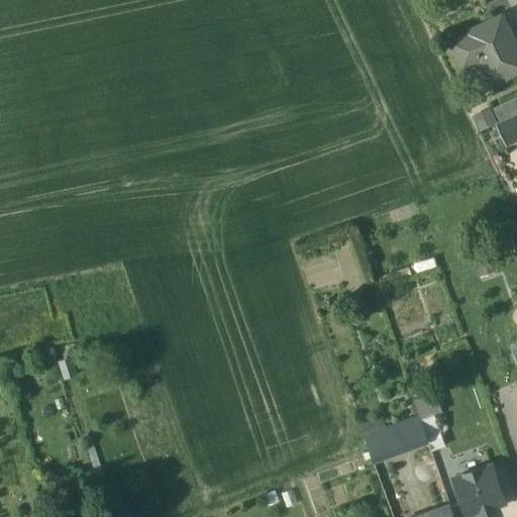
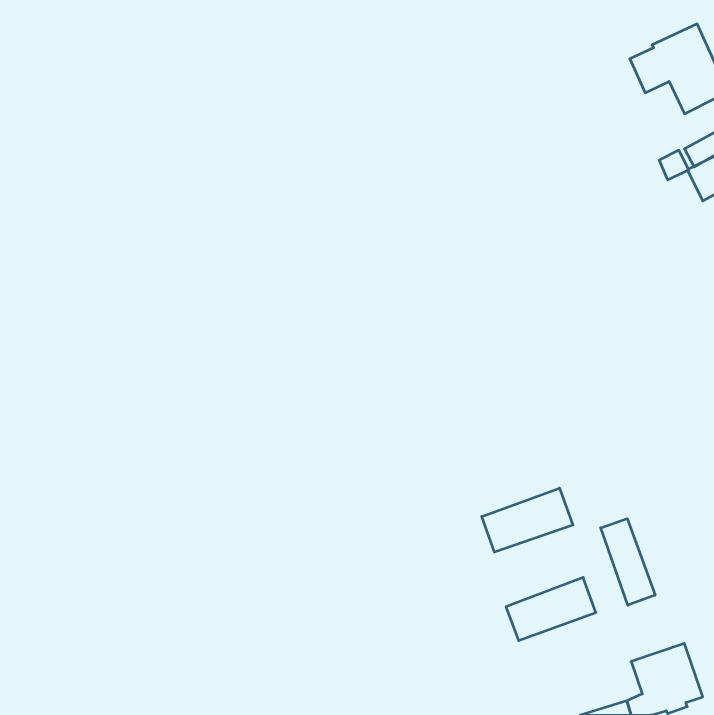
building: none -> [482,488,573,552]
building: none -> [601,519,655,605]

